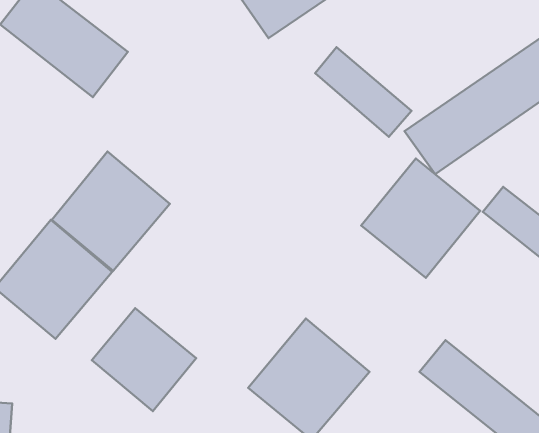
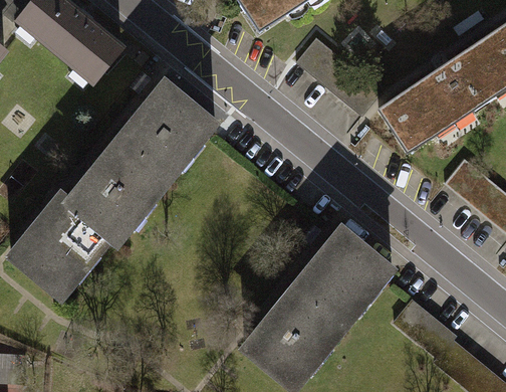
building: none -> [114,74,219,180]
building: [361,159,480,278] -> [290,224,396,330]
building: [92,308,196,411] -> none

